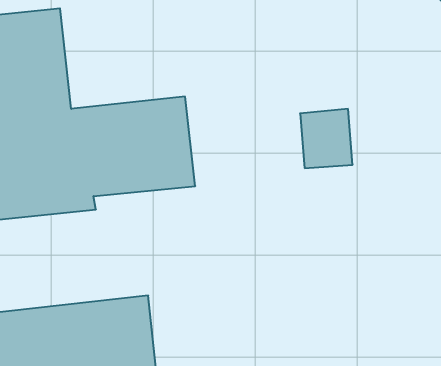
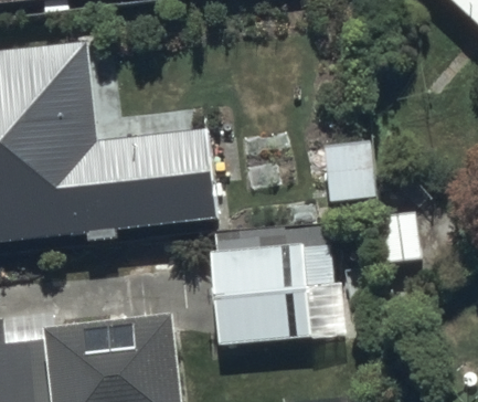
building: none -> [209,232,336,340]

